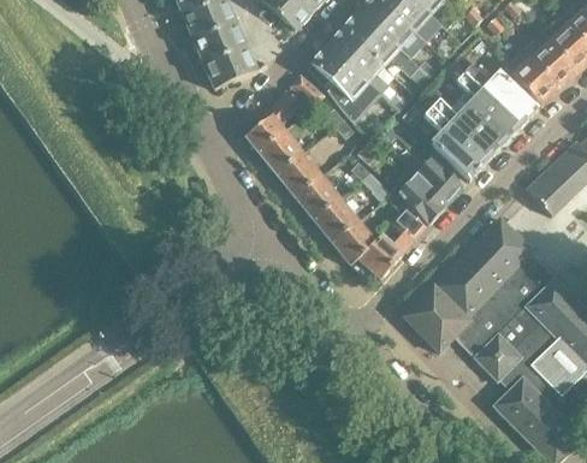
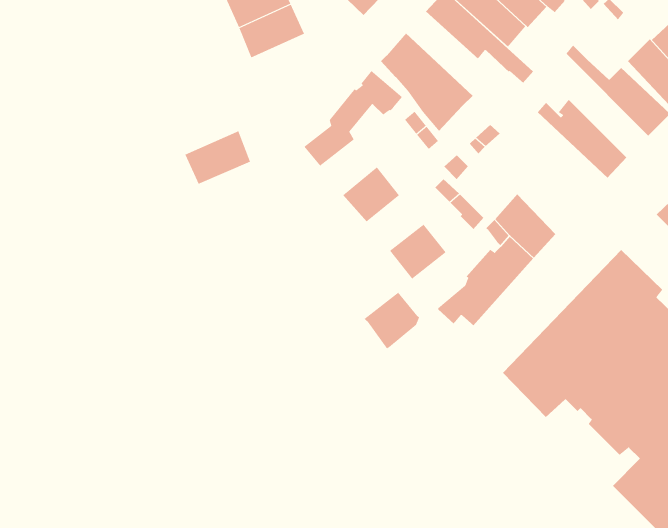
building: [327,26,407,109] -> none
building: [203,44,256,88] -> [185,130,251,185]
building: [445,60,521,143] -> none
building: [413,96,488,178] -> none
building: [259,129,304,173] -> none
building: [407,154,463,204] -> none
building: [296,173,342,218] -> none
building: [332,219,376,265] -> [364,292,420,349]

